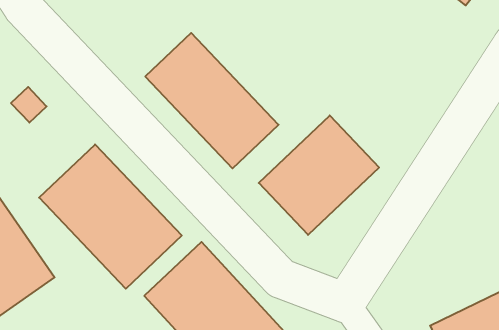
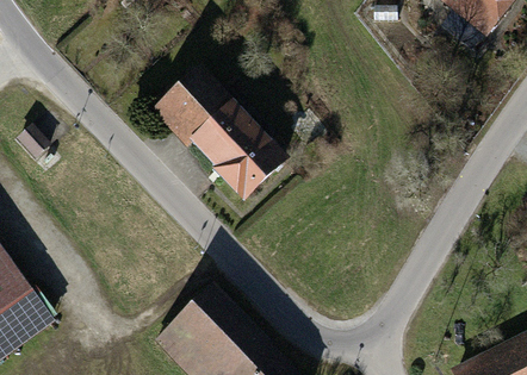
building: [259,115,379,235] -> none
building: [39,144,182,289] -> none

